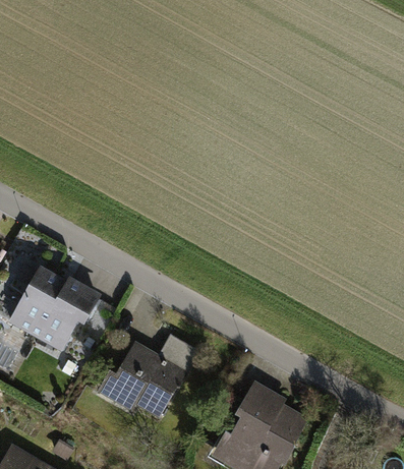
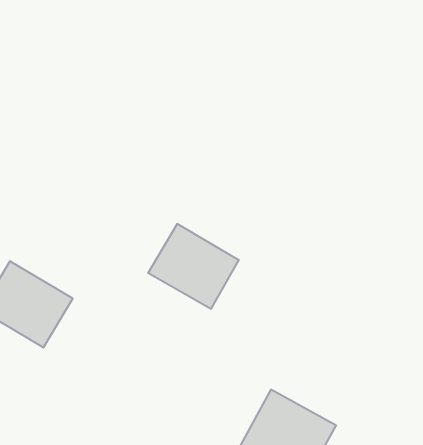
building: [116,342,195,416] -> [148,224,239,309]

